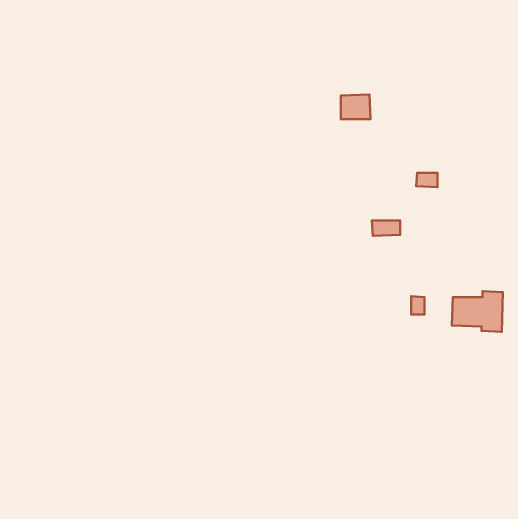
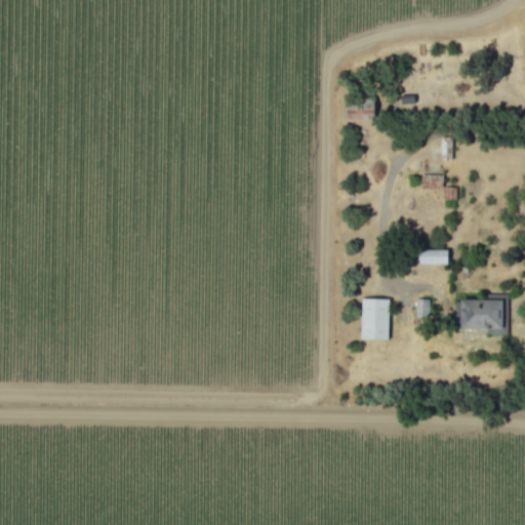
building: [372,221,400,236] -> [419,250,448,266]
building: none -> [361,299,390,340]

